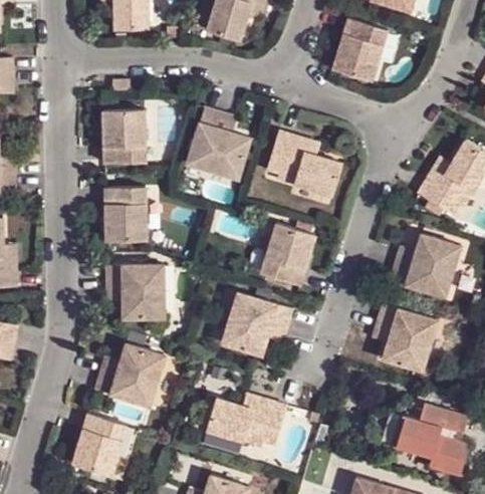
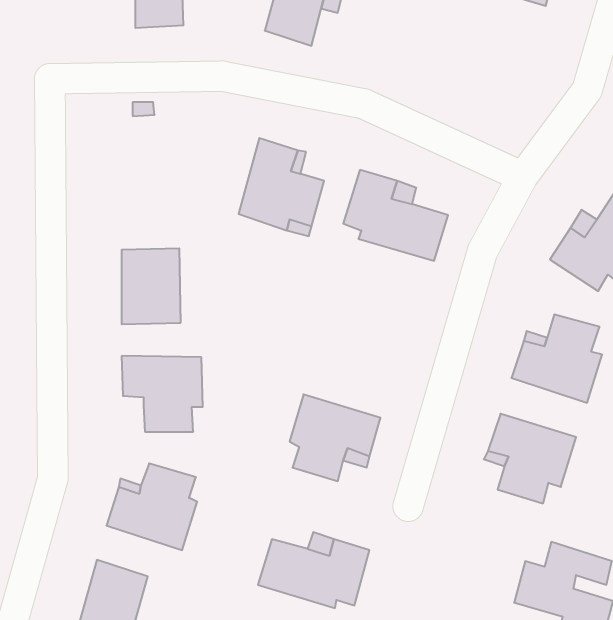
building: [335,17,390,81] -> none
building: [103,109,146,163] -> none
building: [262,225,315,287] -> none

